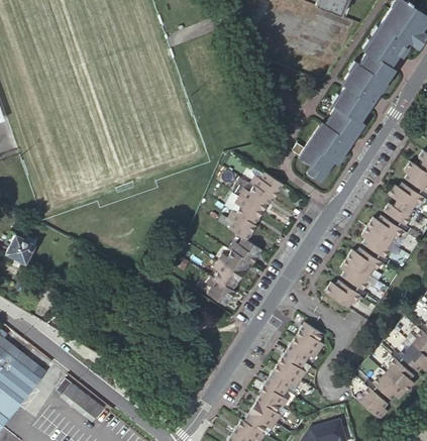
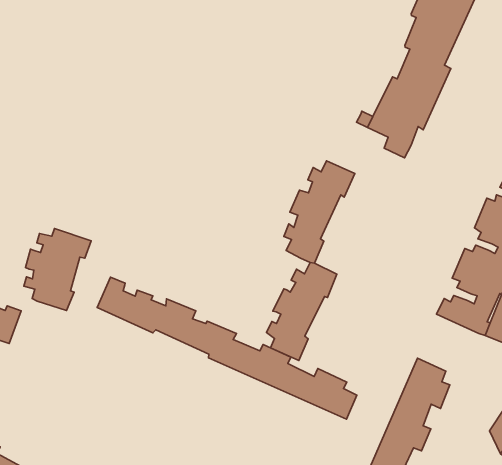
building: none -> [24,228,91,310]
building: none -> [97,277,357,419]

